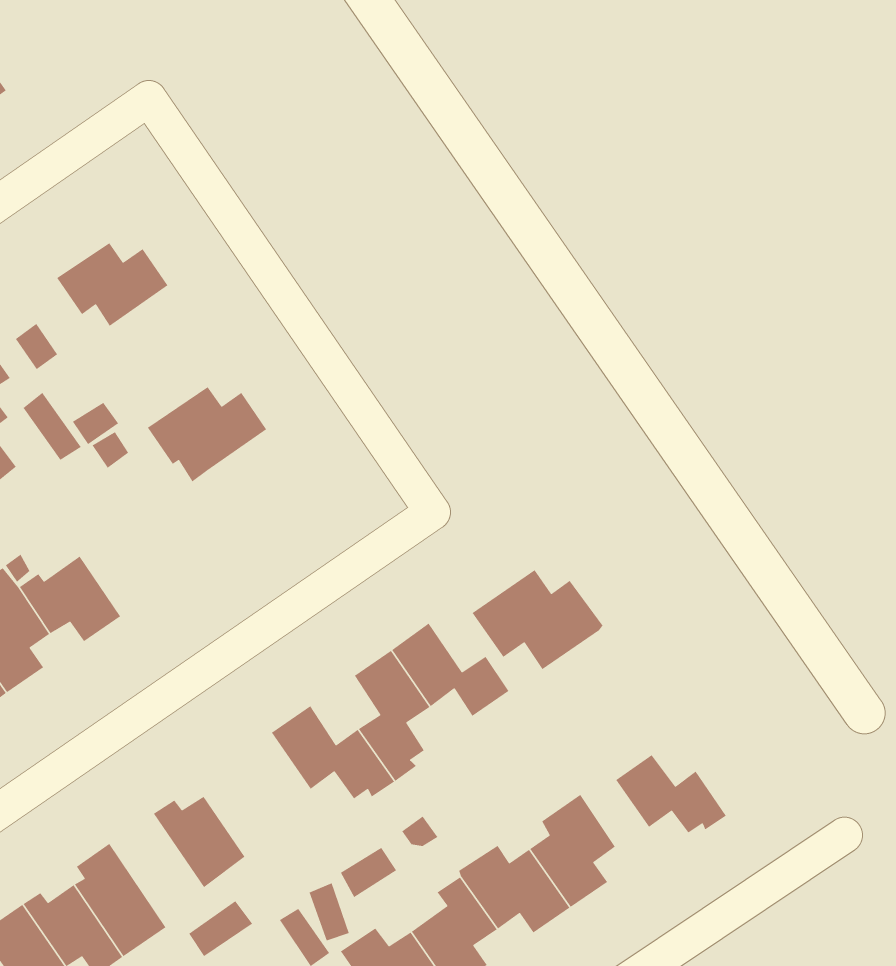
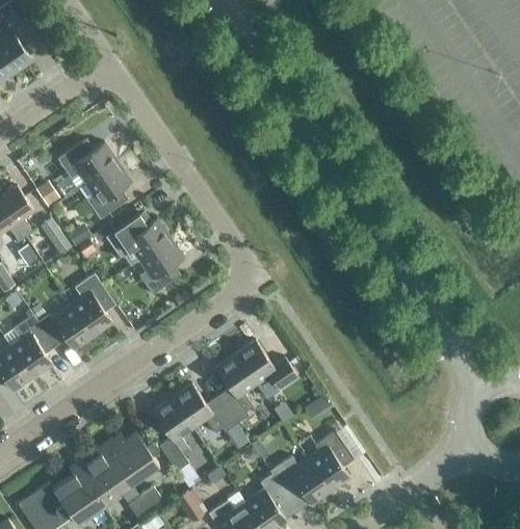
building: none -> [86,162,131,219]
building: none -> [138,238,184,295]
building: none -> [71,274,115,337]
building: [471,569,604,670] -> none
building: none -> [152,398,192,472]
building: [615,754,727,833] -> none
building: none -> [86,441,136,501]

